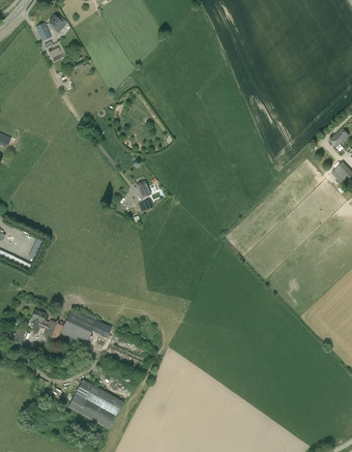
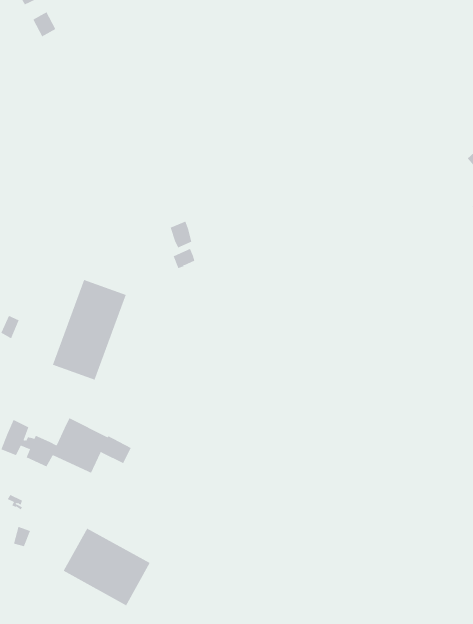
building: none -> [52,279,126,380]

